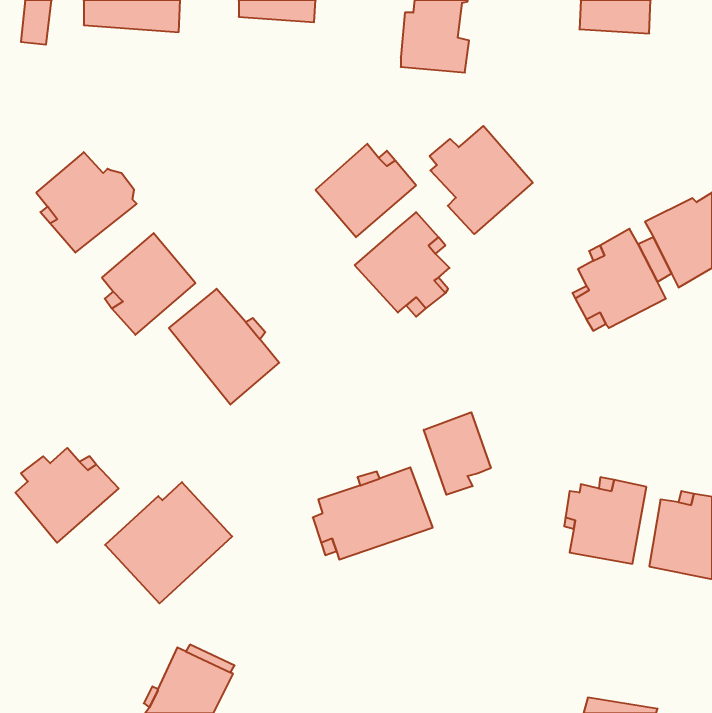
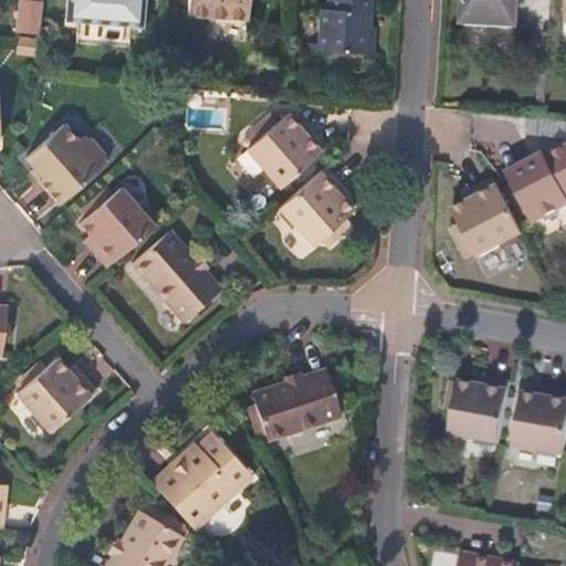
building: [430,126,533,234] -> none
building: [424,412,491,495] -> none
building: [105,482,232,603] -> [148,432,249,528]

